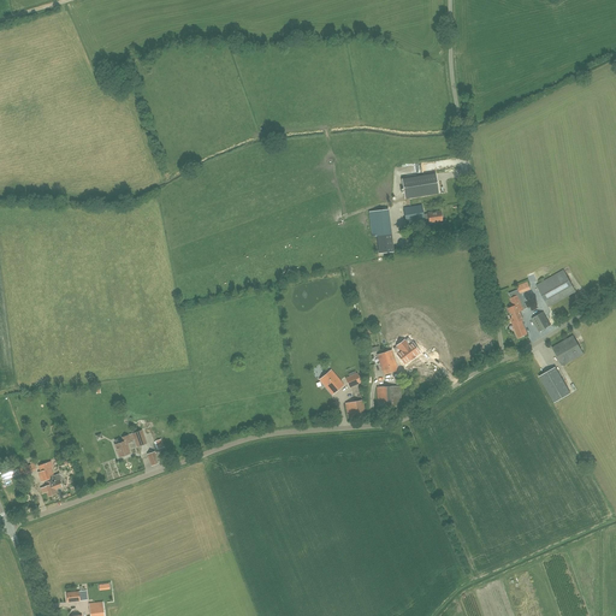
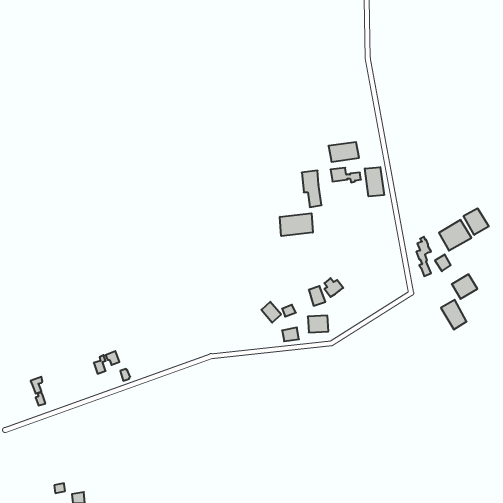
building: none -> [365,167,384,196]
building: none -> [464,208,489,235]
building: none -> [280,213,313,236]

